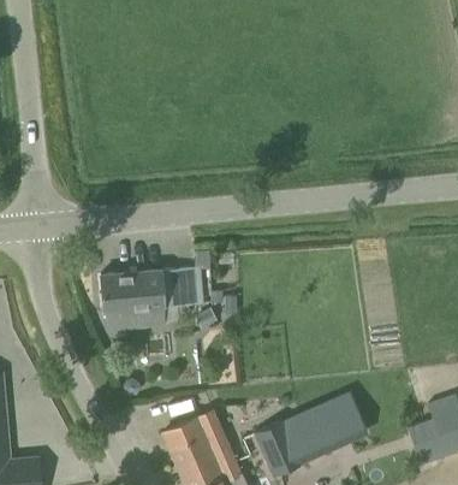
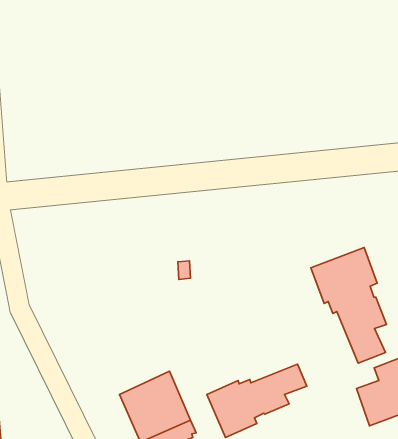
building: [101,266,203,329] -> none
building: none -> [311,247,386,363]

